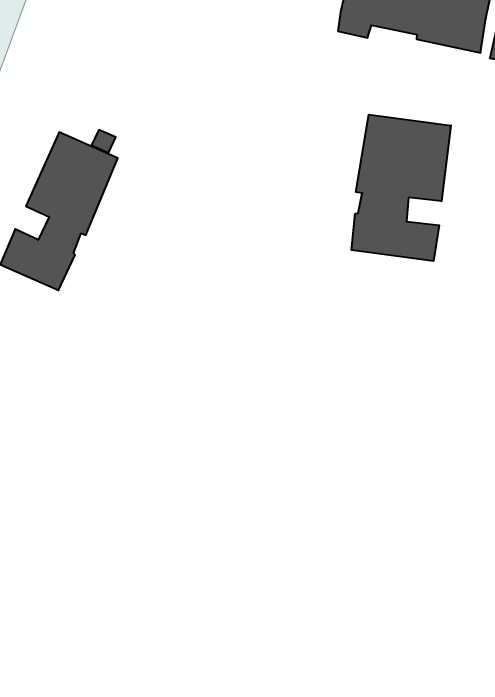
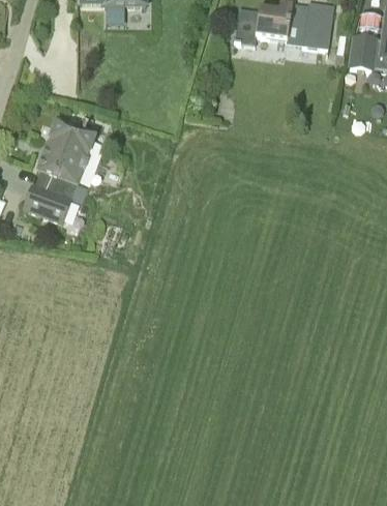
building: [351,115,451,261] -> none

